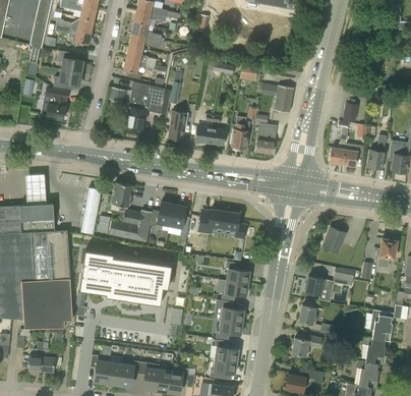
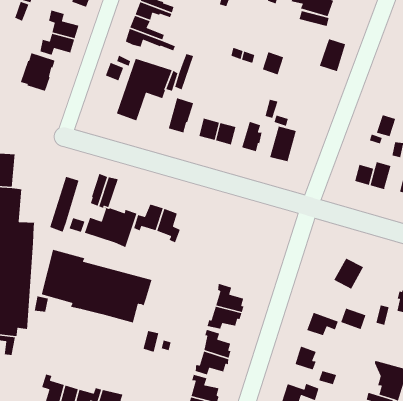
building: [274,84,294,112] -> [319,38,346,72]
building: [199,207,246,237] -> none

